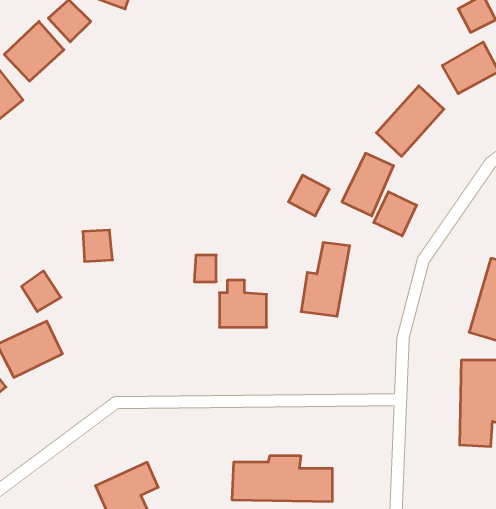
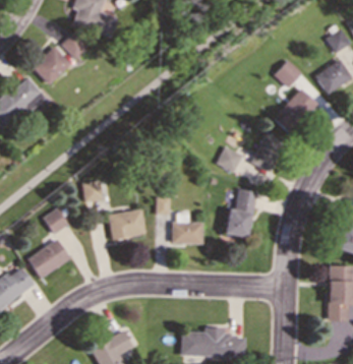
building: none -> [275,60,302,87]
building: [374,192,417,236] -> none
building: none -> [109,210,144,238]

